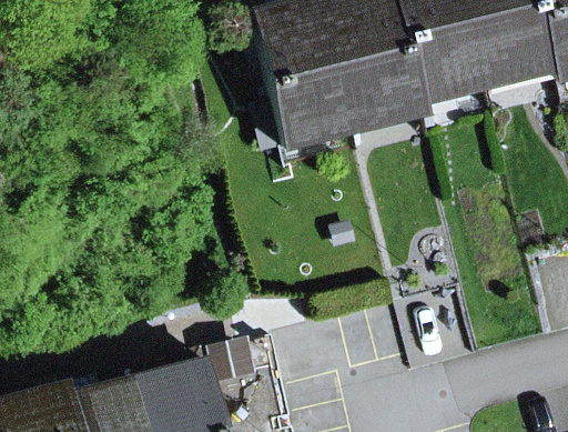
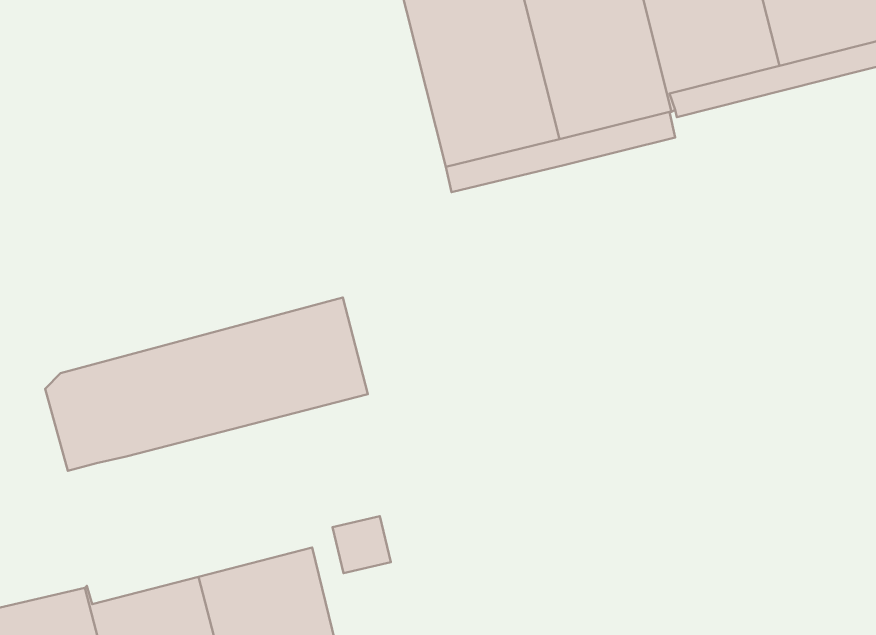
building: none -> [45,297,368,471]

